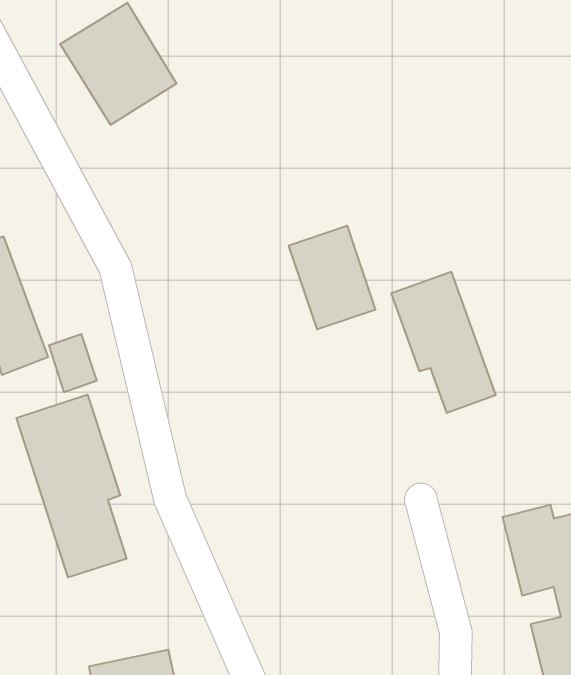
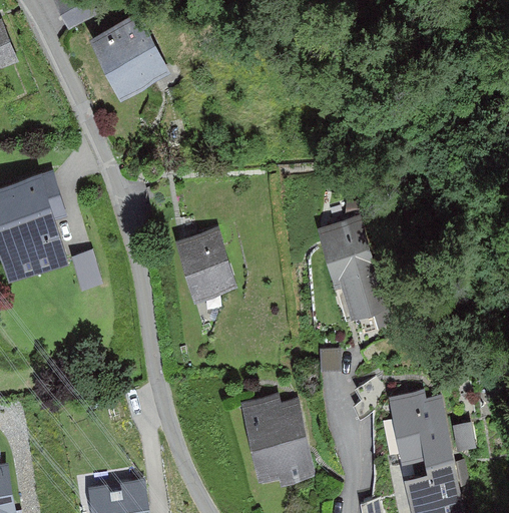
building: [289,226,376,329] -> [175,230,235,304]
building: [16,395,127,577] -> none
building: none -> [244,400,314,488]

